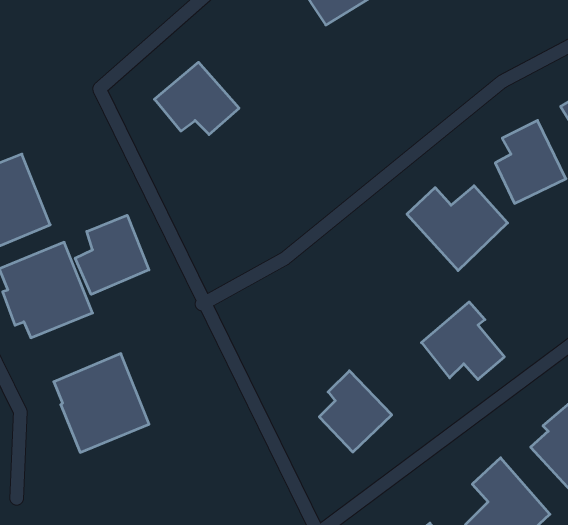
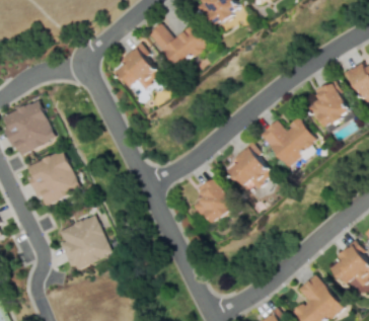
building: none -> [150,24,207,70]
building: [75,215,149,294] -> none
building: [421,302,504,380] -> [225,144,273,188]
building: [319,371,392,452] -> [194,179,235,226]

